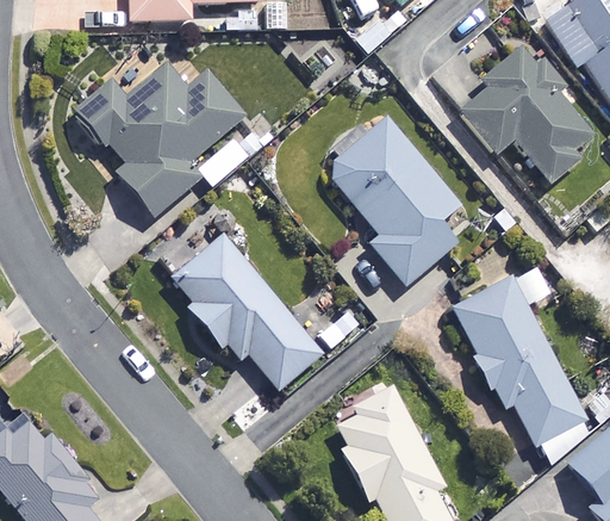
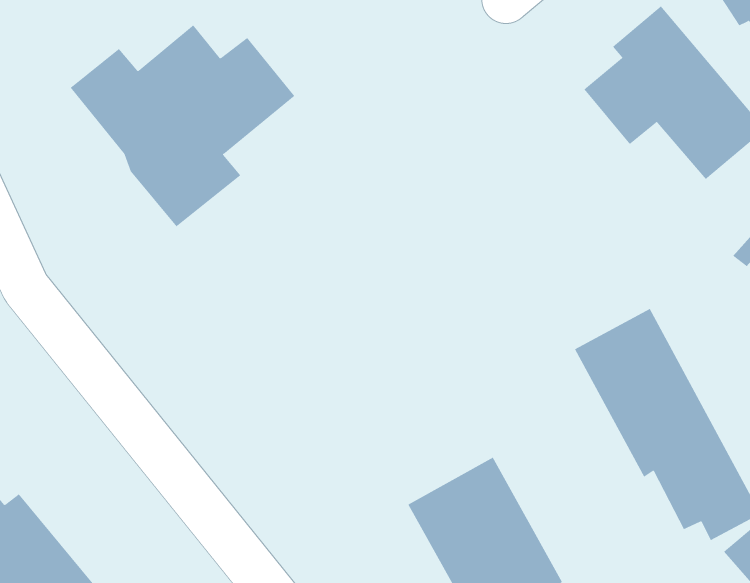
building: [331,117,460,285] -> none
building: [168,232,323,389] -> none

